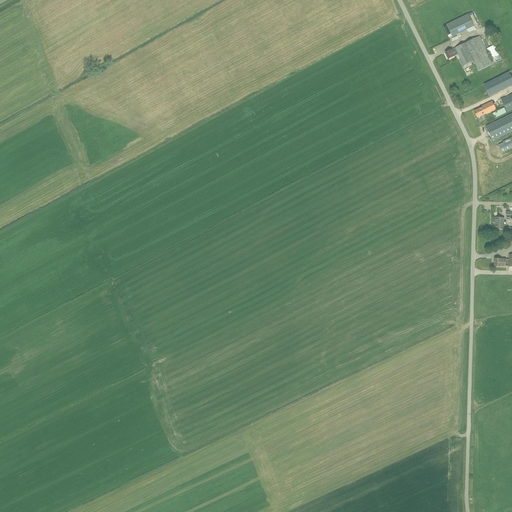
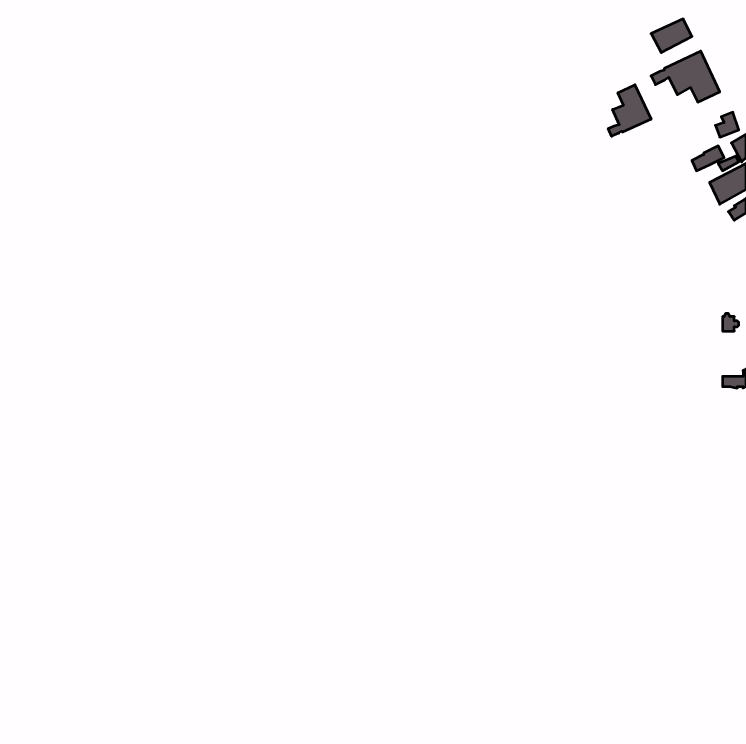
building: none -> [608,85,651,136]

